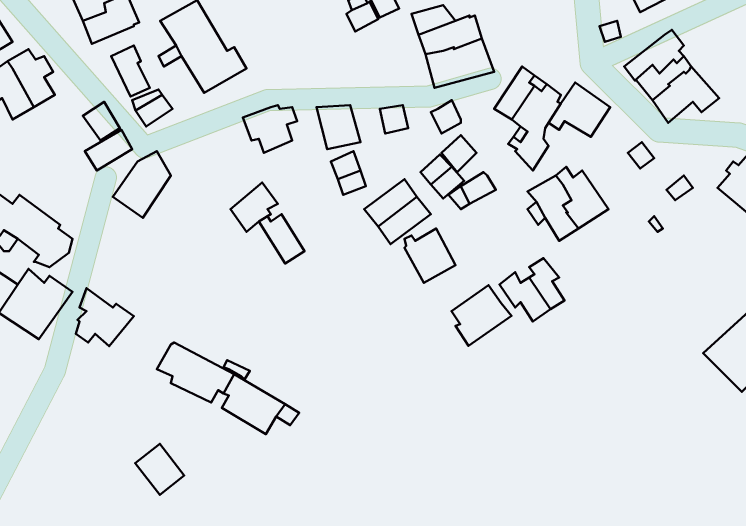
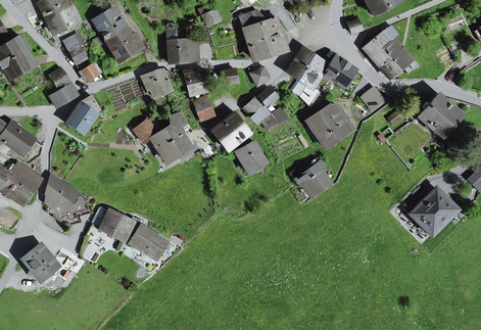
building: none -> [167,30,198,62]
building: none -> [164,112,190,154]
building: [451,285,512,346] -> none
building: [135,444,184,495] -> [27,248,55,278]

